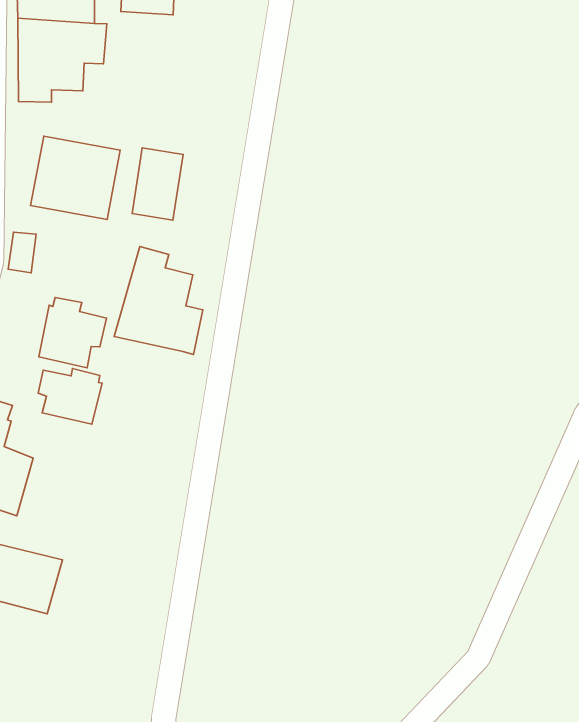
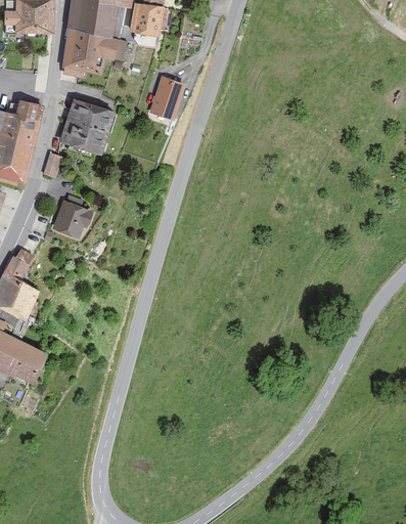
building: [132,148,183,220] -> [149,75,184,120]
building: [114,247,203,355] -> none
building: [38,369,102,424] -> none

